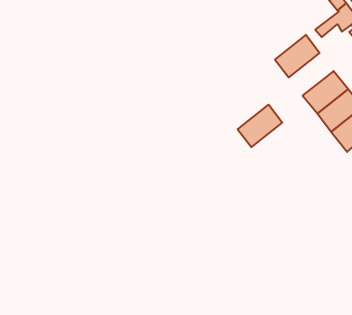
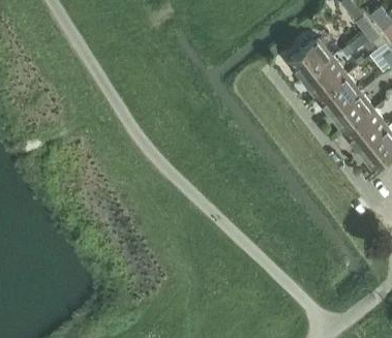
building: none -> [289,39,332,80]
building: [238,105,282,147] -> [315,73,359,115]

